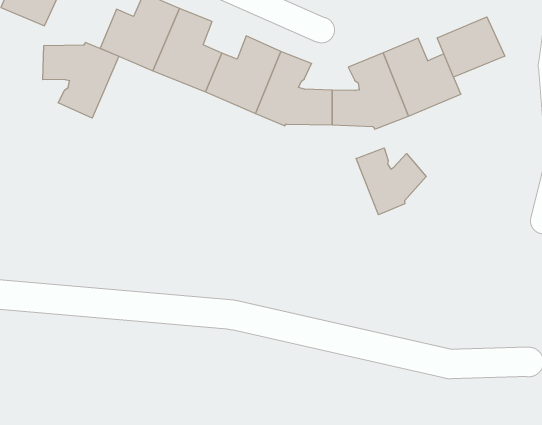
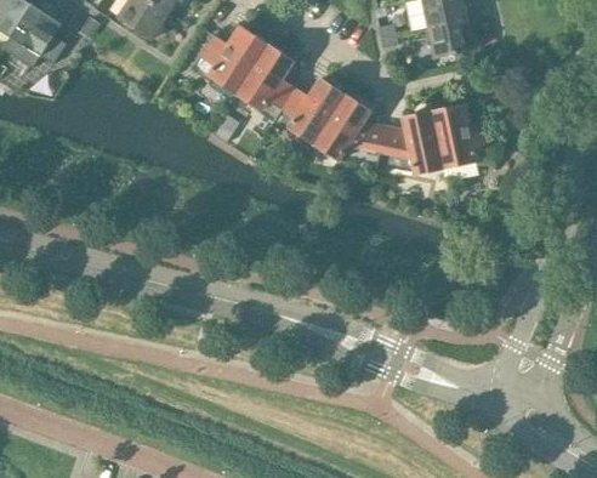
building: [437,17,505,77] -> none
building: [43,42,119,118] -> none
building: [356,148,426,215] -> none

